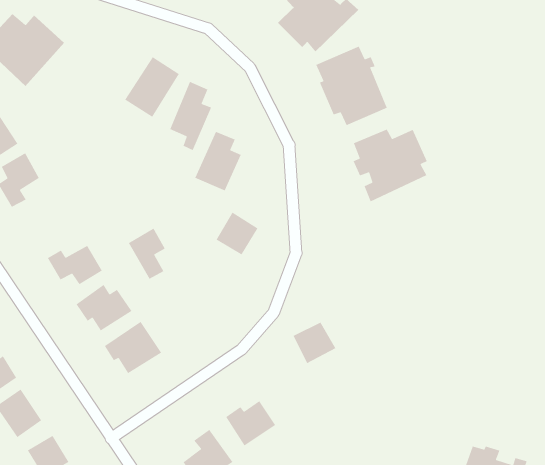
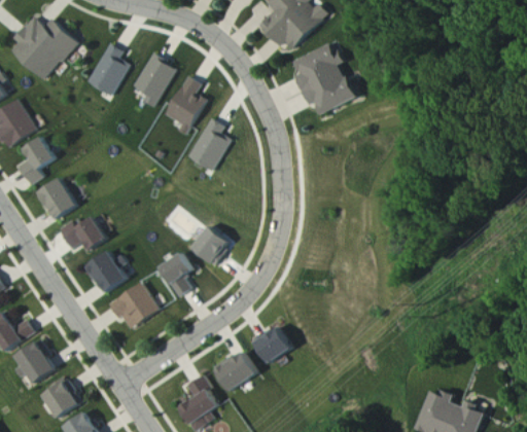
building: none -> [84,43,128,96]
building: [352,128,428,202] -> none
building: none -> [36,178,78,220]
building: [216,211,258,255] -> [191,225,229,263]
building: [128,227,166,280] -> [160,253,192,298]
building: [292,321,336,364] -> [254,327,292,364]

